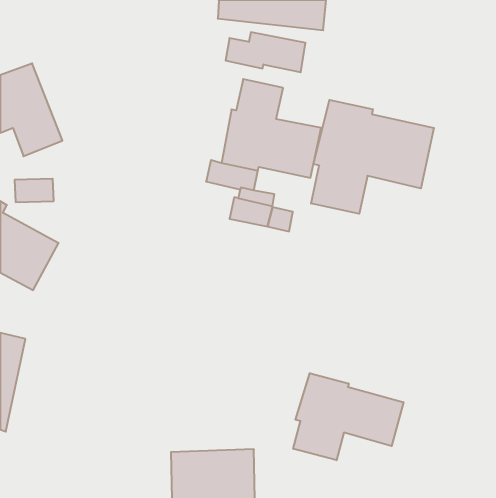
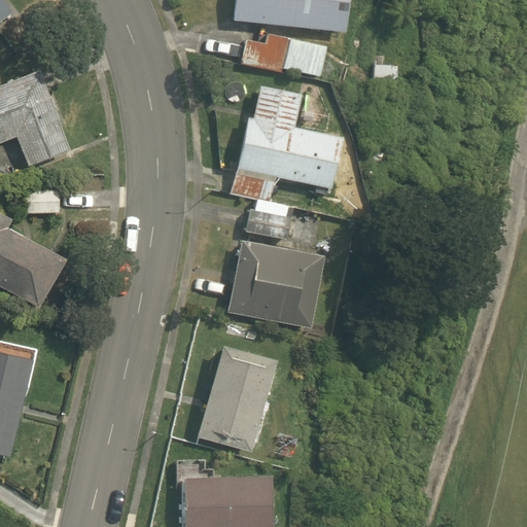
building: [311,100,434,214] -> none
building: none -> [227,240,324,328]
building: none -> [197,344,276,452]
building: [293,373,403,460] -> none

